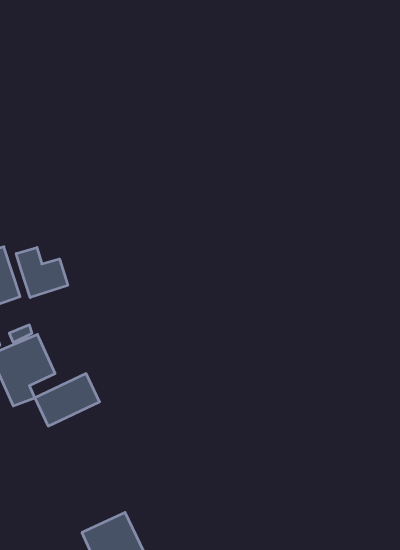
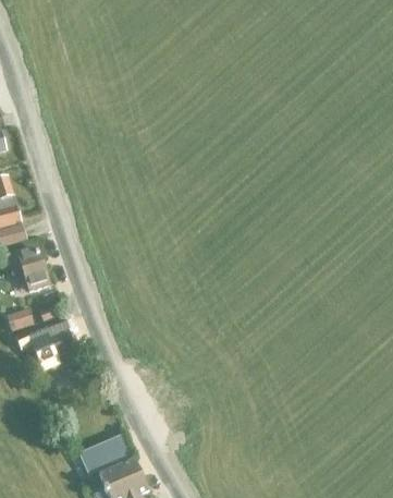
building: [16,247,68,298] -> none
building: [35,374,100,426] -> [77,434,130,476]

